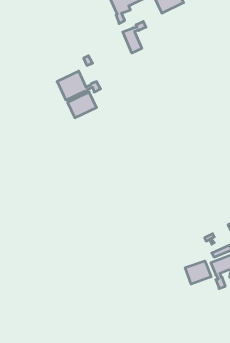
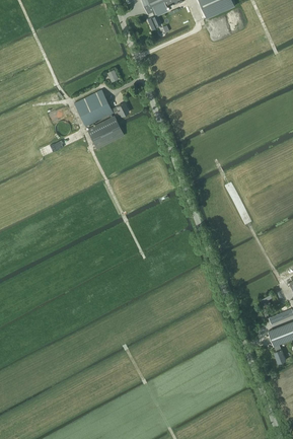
building: [123,21,146,53] -> none
building: [185,261,211,284] -> none

